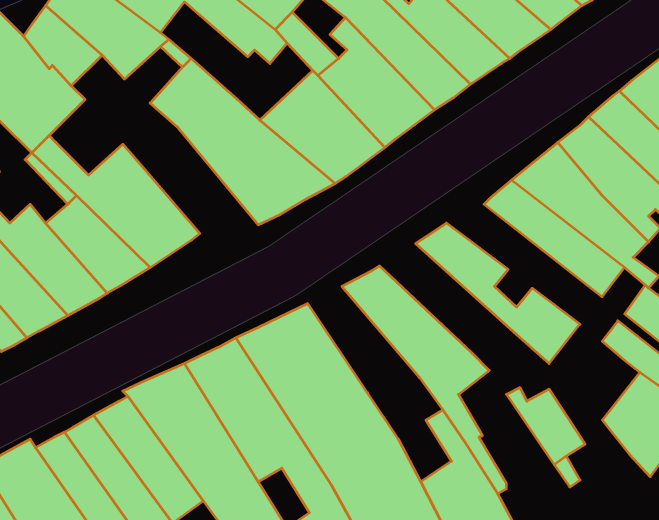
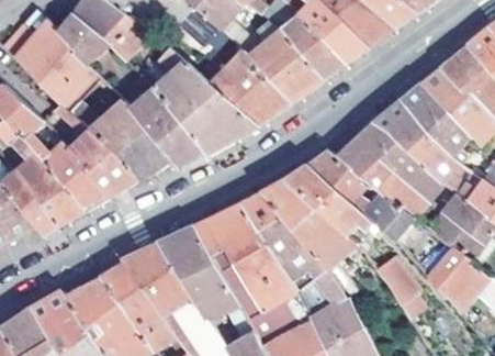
building: none -> [130,71,209,167]
building: none -> [334,138,429,215]
building: none -> [286,164,374,234]
building: none -> [240,191,327,277]

